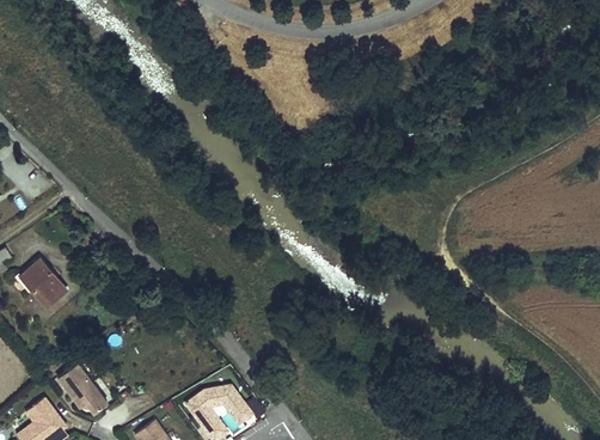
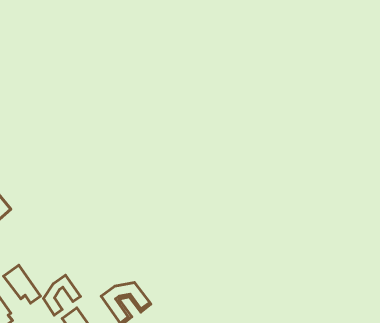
building: none -> [44,275,81,315]

